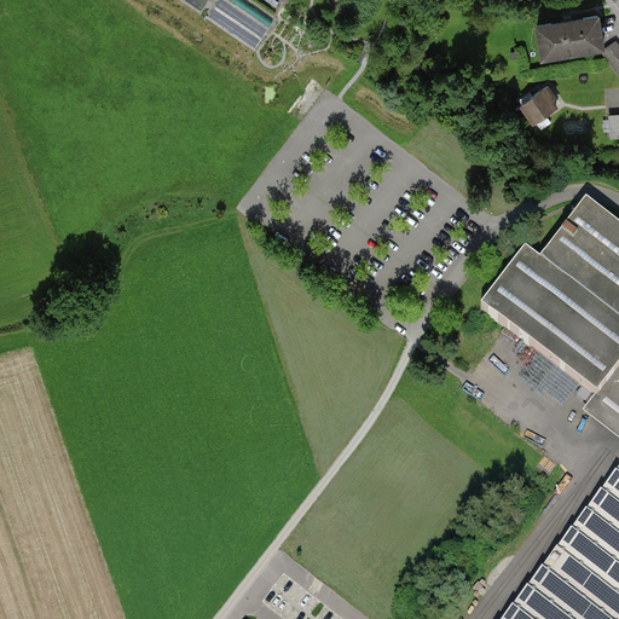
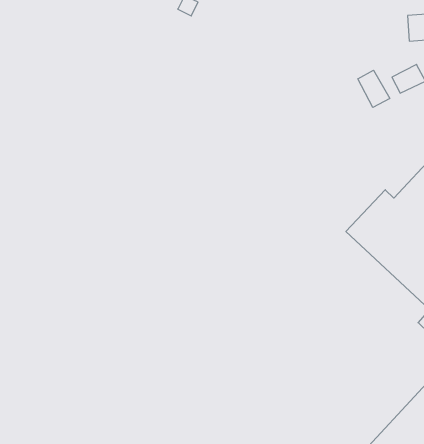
building: none -> [358,70,390,107]

